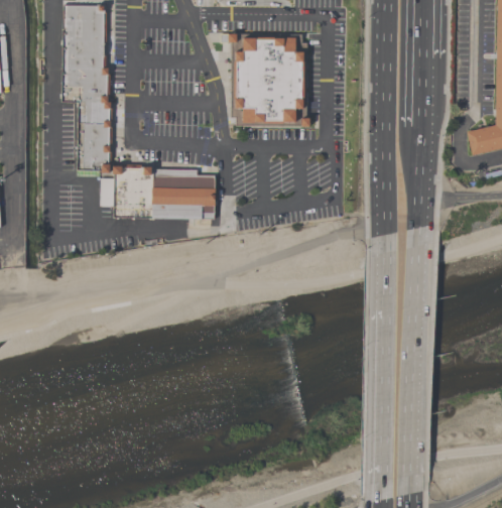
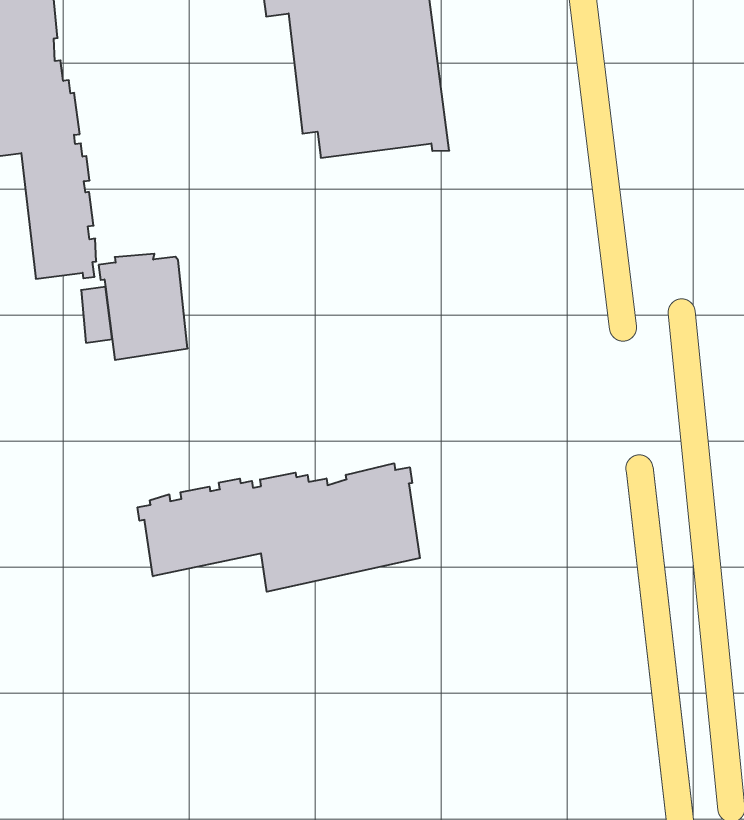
building: [154,168,216,218] -> none
building: none -> [138,463,420,592]

